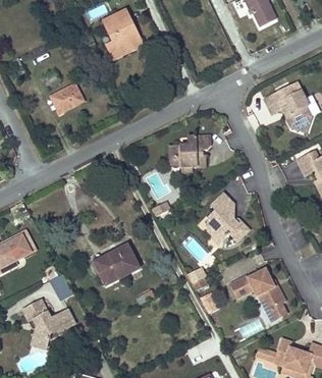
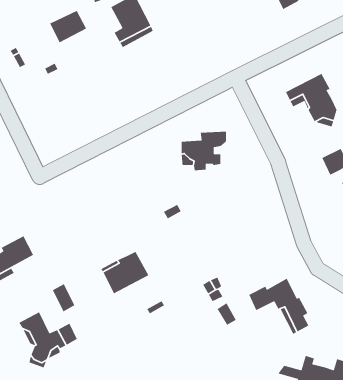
building: [51,83,86,113] -> [49,10,87,43]
building: [207,193,249,242] -> none

